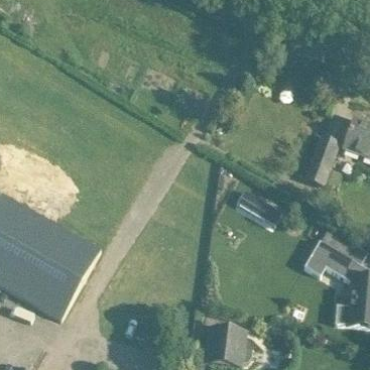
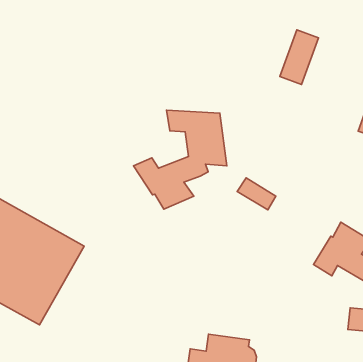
building: none -> [133,110,227,209]
building: [302,136,337,184] -> [280,30,319,85]

